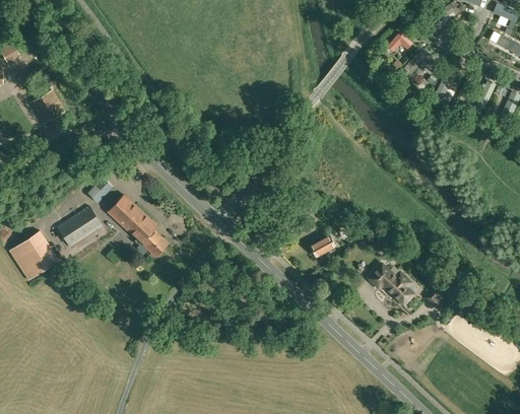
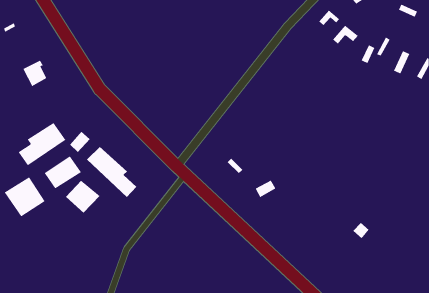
building: none -> [18,122,66,166]
building: none -> [65,180,101,214]
building: [368,264,414,305] -> none

